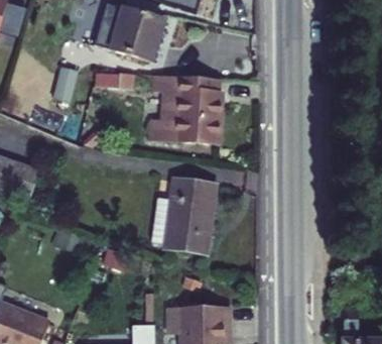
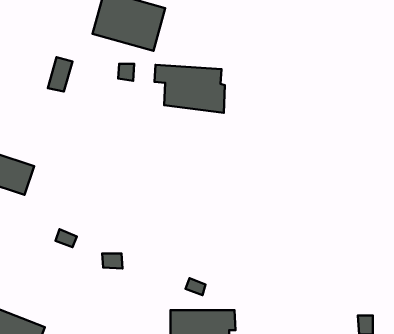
building: [151,111,219,142] -> none
building: [151,180,213,250] -> none

